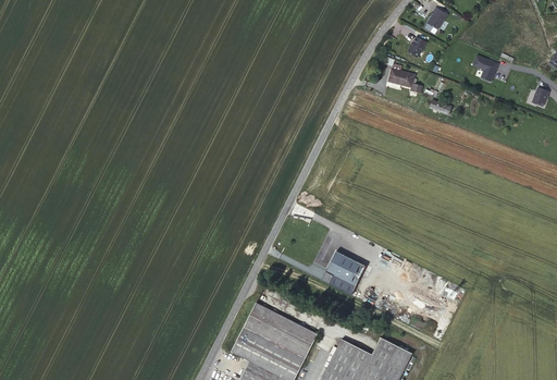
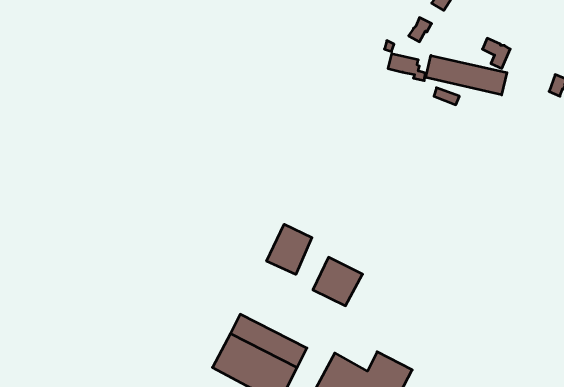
building: none -> [426,55,507,95]
building: none -> [267,224,312,274]

